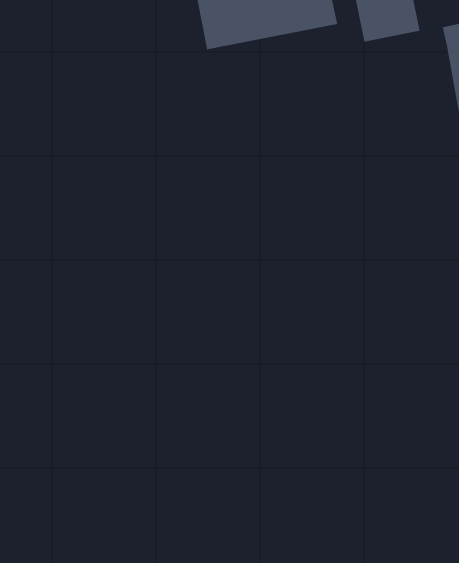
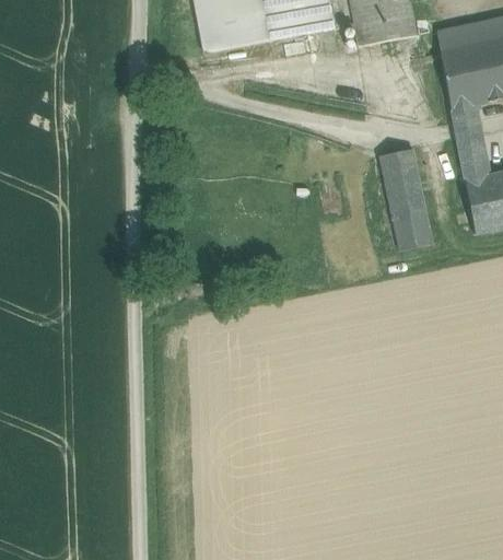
building: none -> [379,148,433,250]

